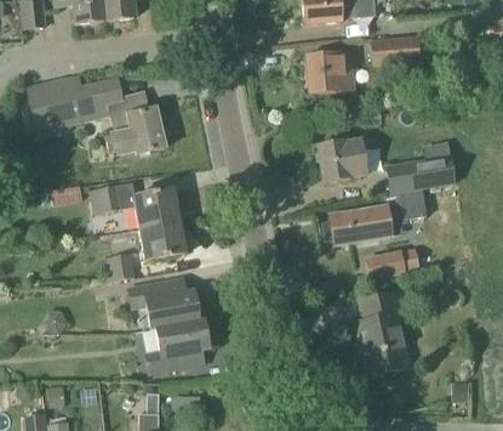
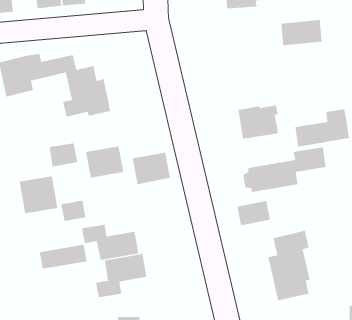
building: [308,51,355,92] -> none
building: [139,221,187,261] -> [132,152,171,185]
building: none -> [19,176,58,214]
building: [365,249,406,280] -> [237,200,271,226]
building: none -> [39,244,88,270]

